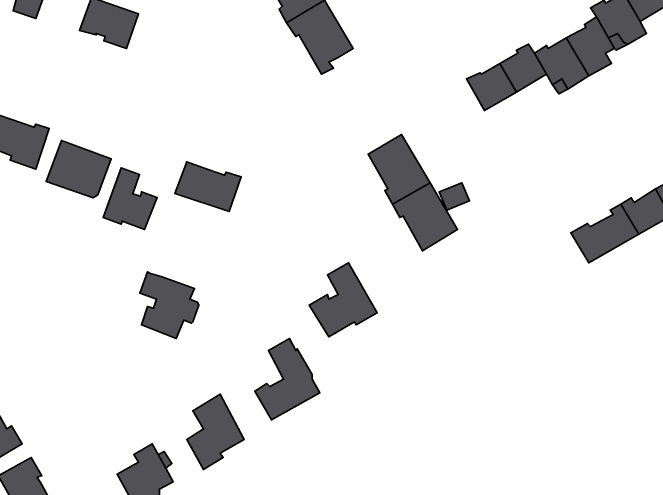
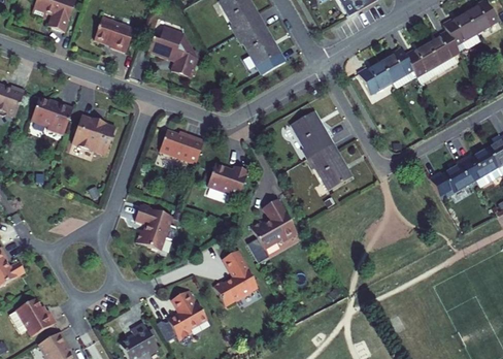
building: none -> [147,28,197,78]
building: [103,168,157,229] -> none
building: none -> [207,164,248,197]

